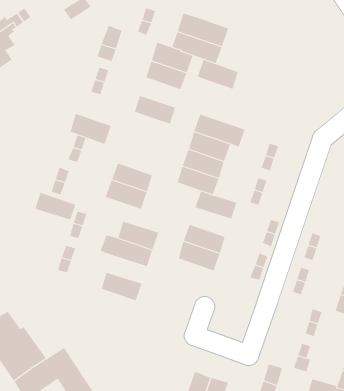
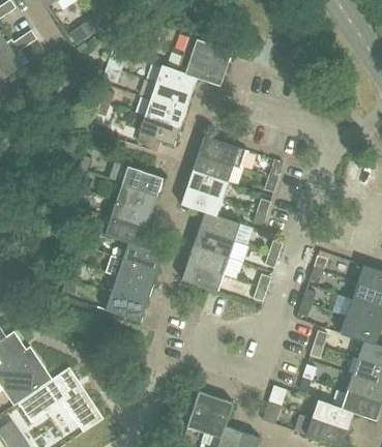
building: [197,59,239,89] -> [144,100,185,130]
building: [70,113,111,144] -> [122,167,164,198]
building: [34,192,76,220] -> [105,219,146,247]
building: none -> [194,230,236,259]
building: none -> [111,277,152,305]

